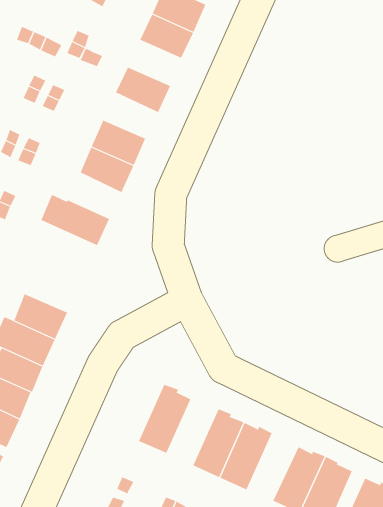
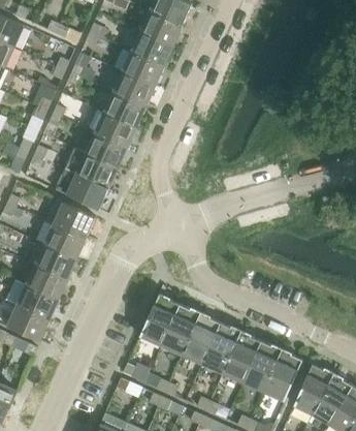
building: none -> [131,31,172,66]
building: none -> [112,71,155,106]
building: none -> [86,132,127,167]
building: none -> [55,168,108,210]
building: none -> [46,199,95,239]
building: none -> [161,305,200,356]
building: none -> [222,331,261,382]

